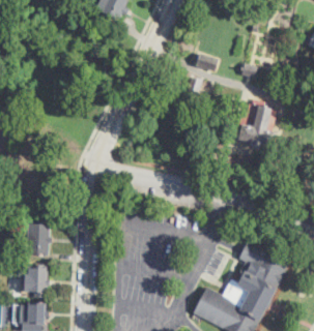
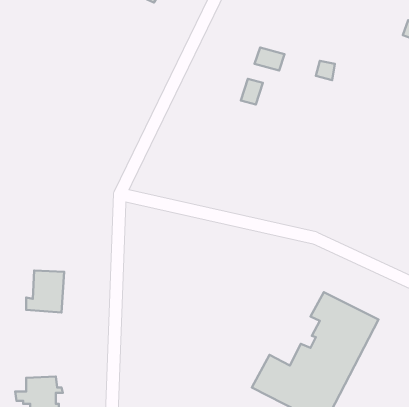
building: [237,104,276,148] -> none
building: [25,266,49,297] -> none

